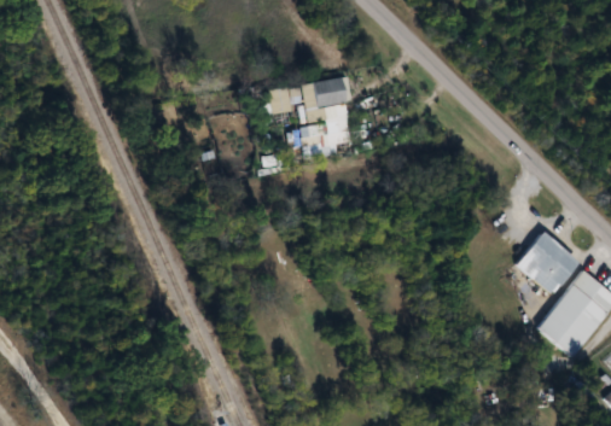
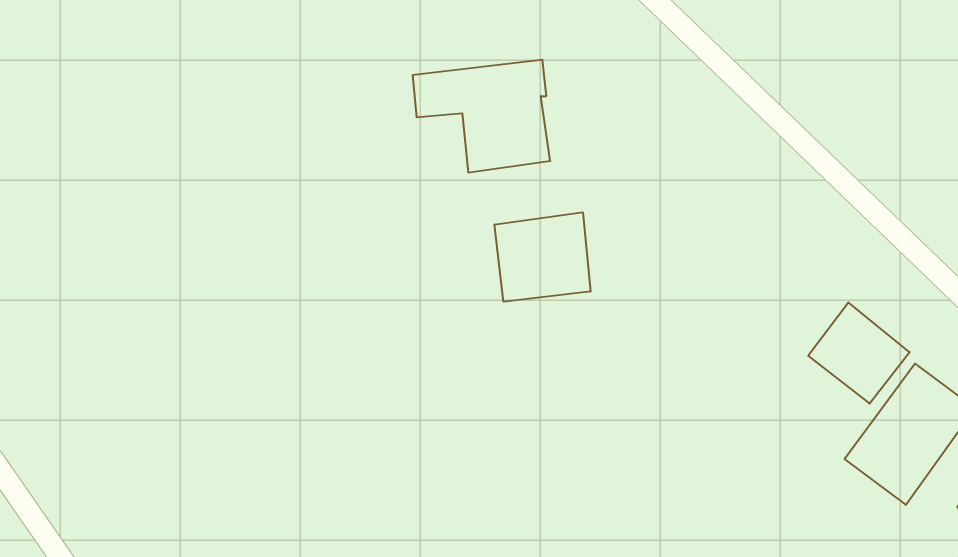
building: none -> [495,212,591,302]

